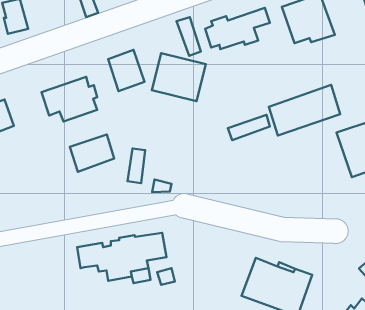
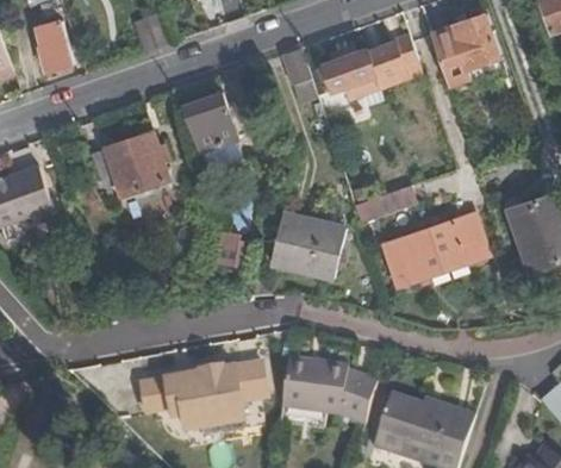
building: [152,53,206,101] -> [269,213,345,281]
building: [269,85,340,135] -> [385,216,486,287]
building: [70,134,114,172] -> none
building: none -> [281,355,378,419]

